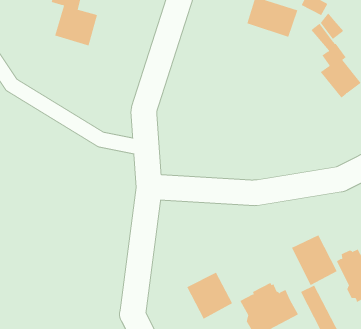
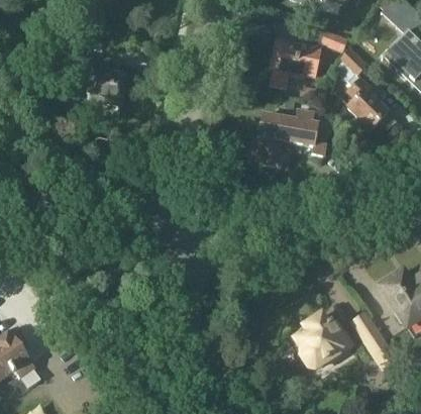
building: none -> [256,112,329,169]
building: [291,234,338,286] -> none
building: [186,272,233,319] -> none

